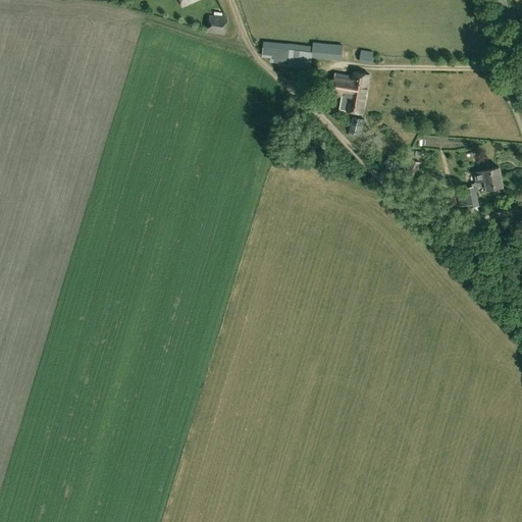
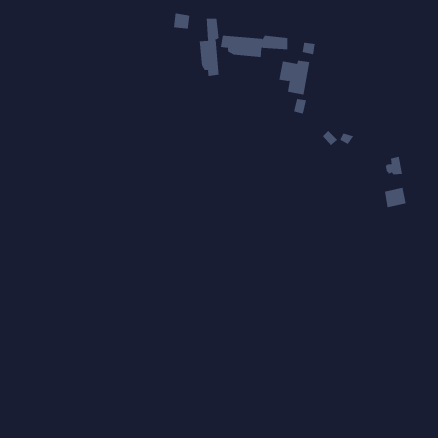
building: none -> [199,18,219,77]
building: [476,167,503,192] -> [384,187,406,208]

